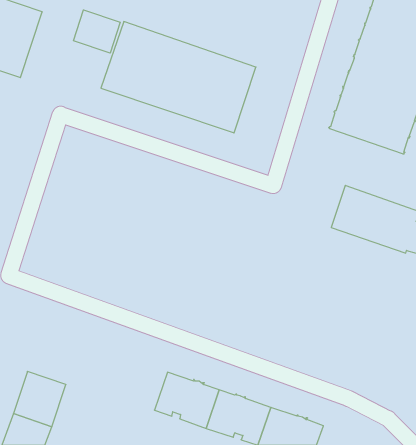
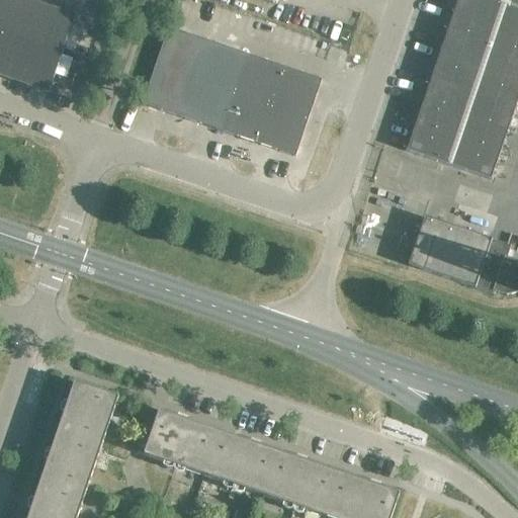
building: [73,10,120,53] -> none
building: none -> [57,380,117,444]
building: none -> [143,409,219,473]

